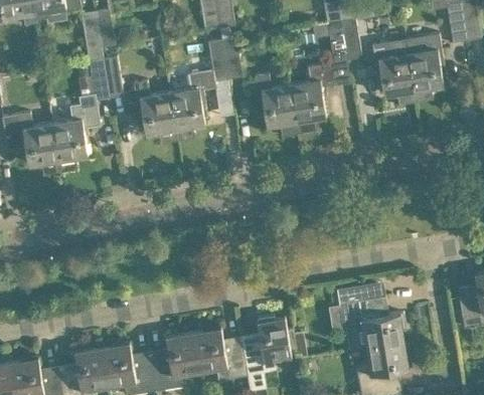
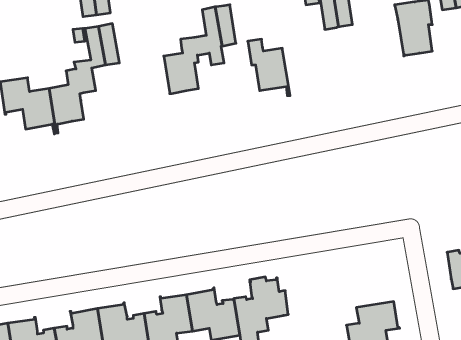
building: [371,39,414,94] -> none
building: [290,64,333,131] -> none
building: [133,80,176,138] -> none
building: [338,284,406,350] -> none

